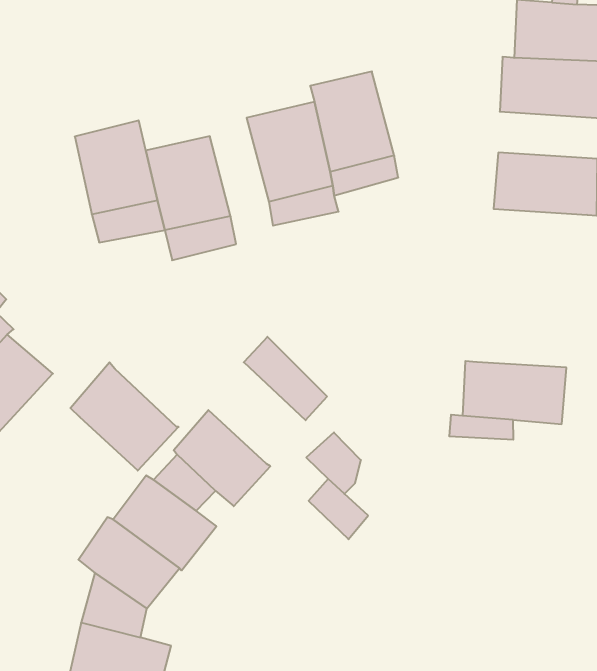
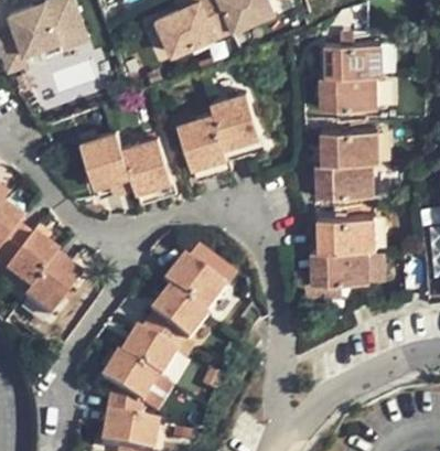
building: none -> [313,162,373,196]
building: none -> [315,217,374,250]
building: [70,362,179,471] -> [162,258,224,318]

